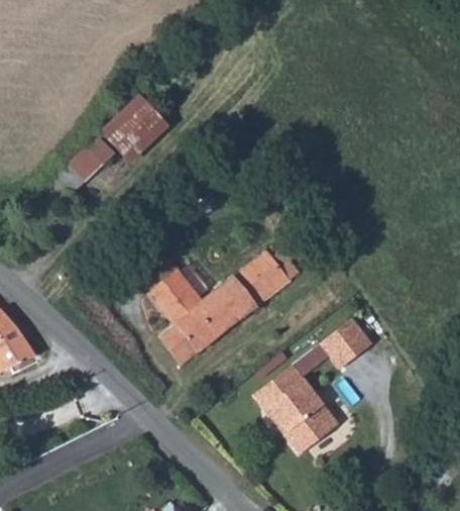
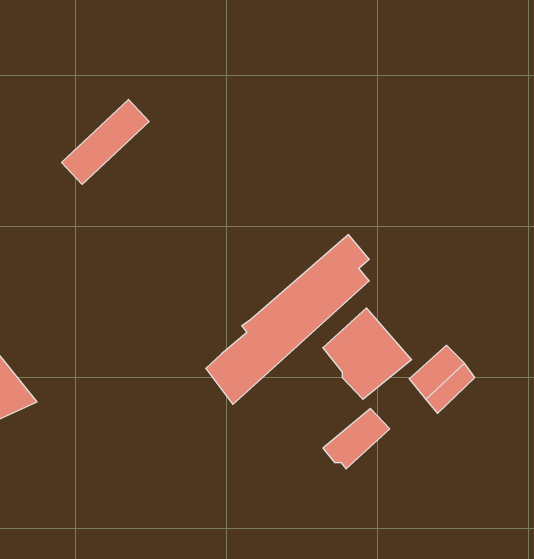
building: [101,85,171,155] -> none
building: [153,277,199,327] -> none
building: [273,386,343,457] -> [323,308,412,399]

